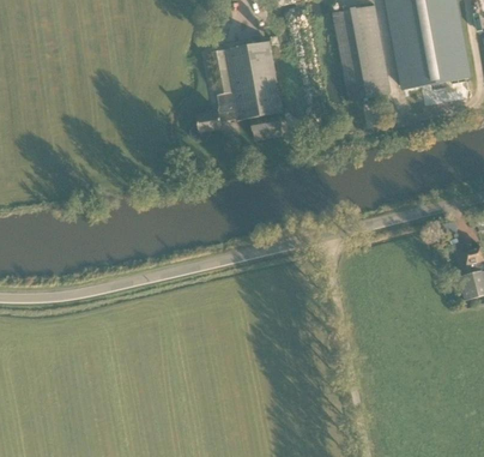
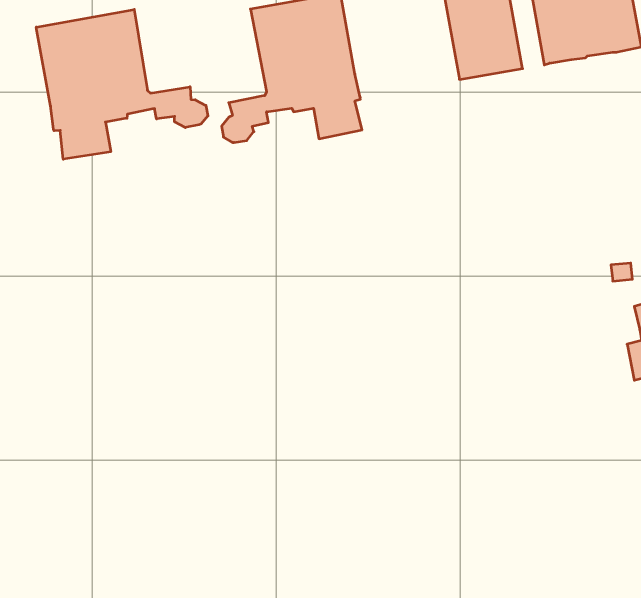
building: none -> [36,9,208,159]

